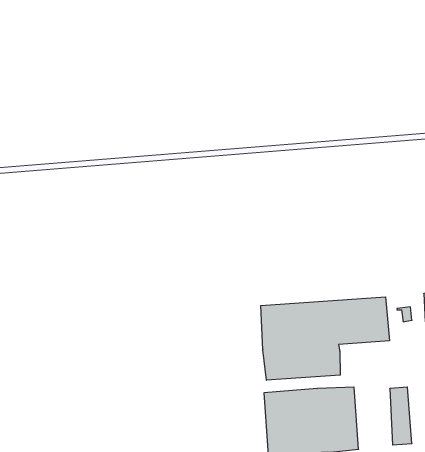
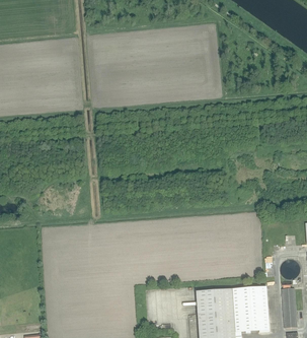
building: [261,297,389,380] -> none

